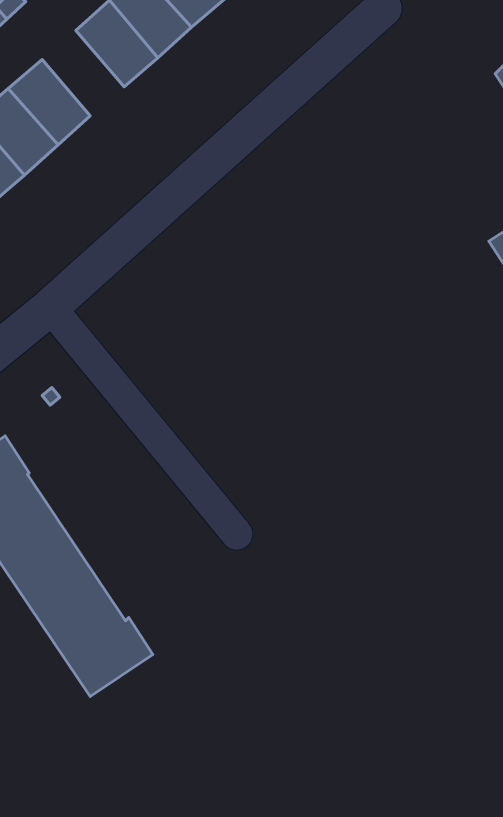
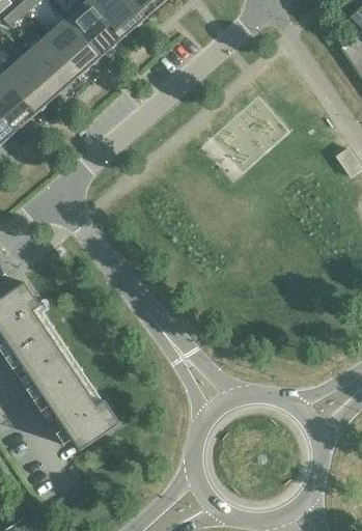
building: none -> [45,21,98,76]

